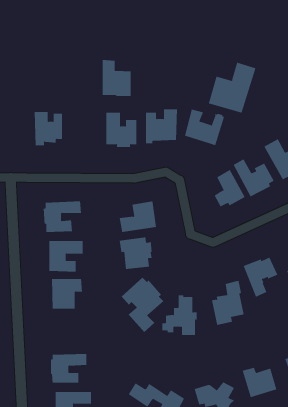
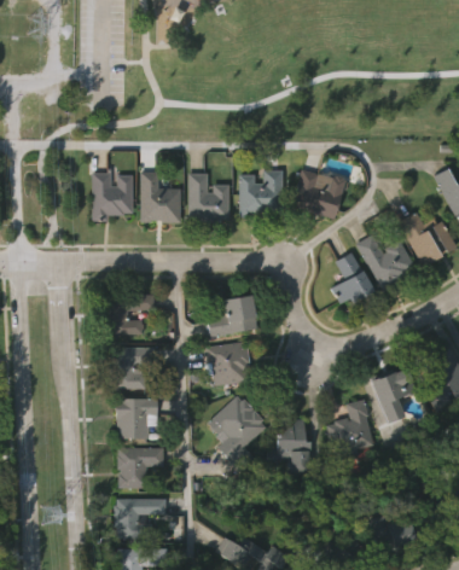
building: [102,60,132,97] -> [141,171,181,221]
building: [208,62,256,114] -> none
building: none -> [116,446,163,487]

